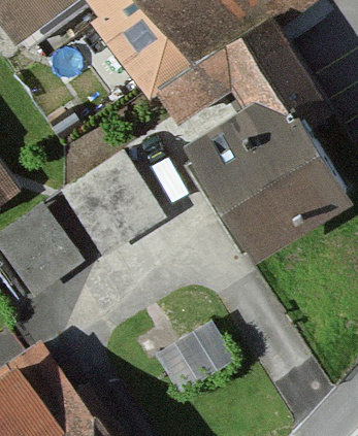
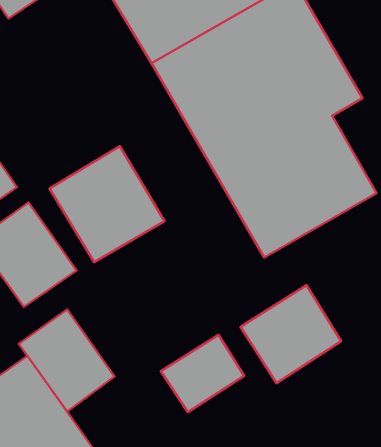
building: none -> [240,285,341,383]
building: none -> [19,309,114,411]

